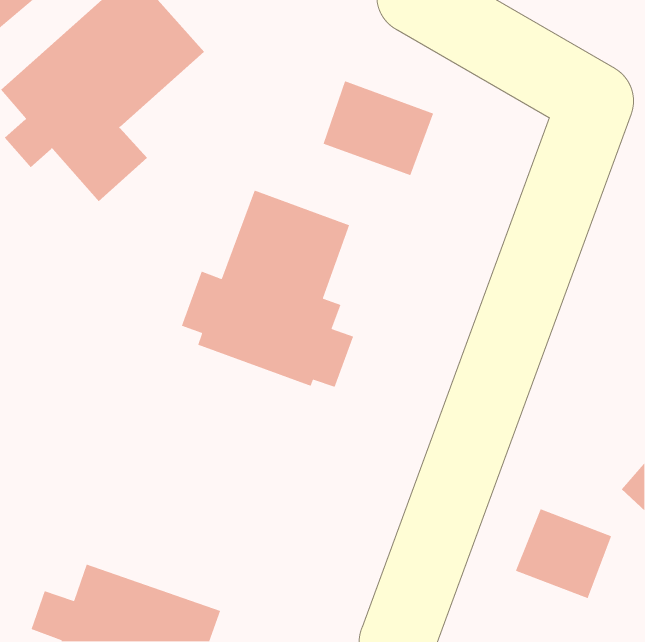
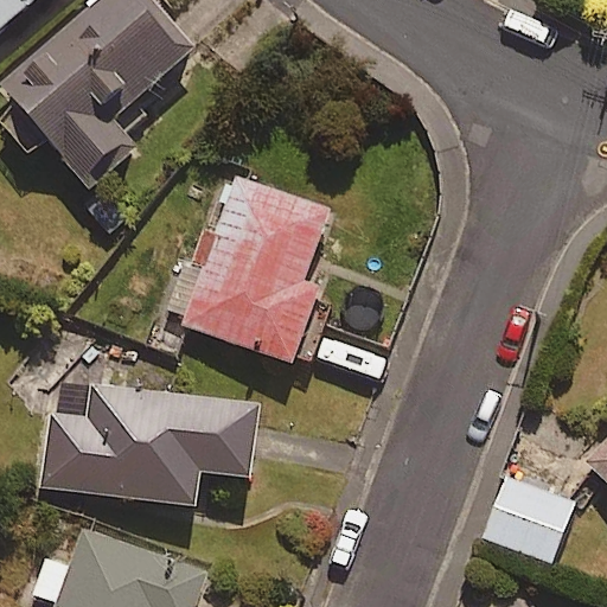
building: [322,80,434,176] -> none
building: none -> [40,379,260,505]

